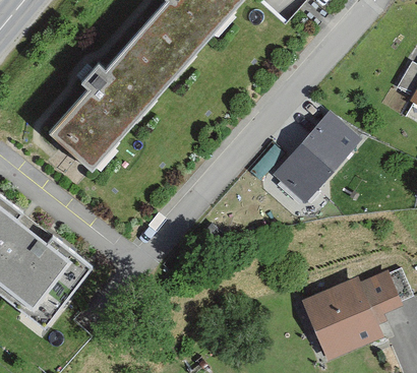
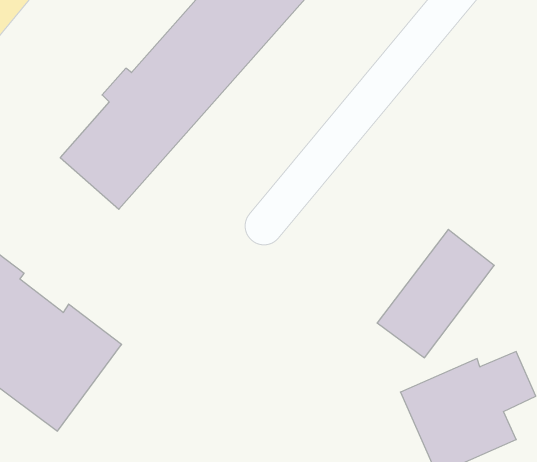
building: [274,110,359,203] -> [377,229,494,358]

